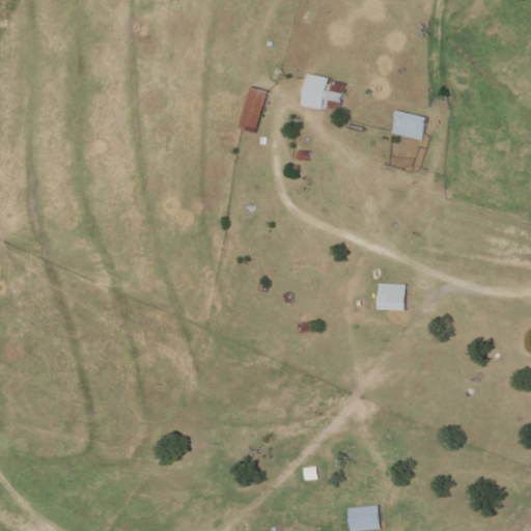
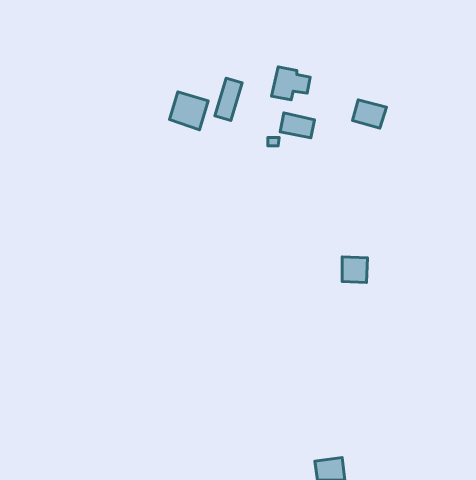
building: none -> [169,92,208,130]
building: none -> [280,113,315,138]

